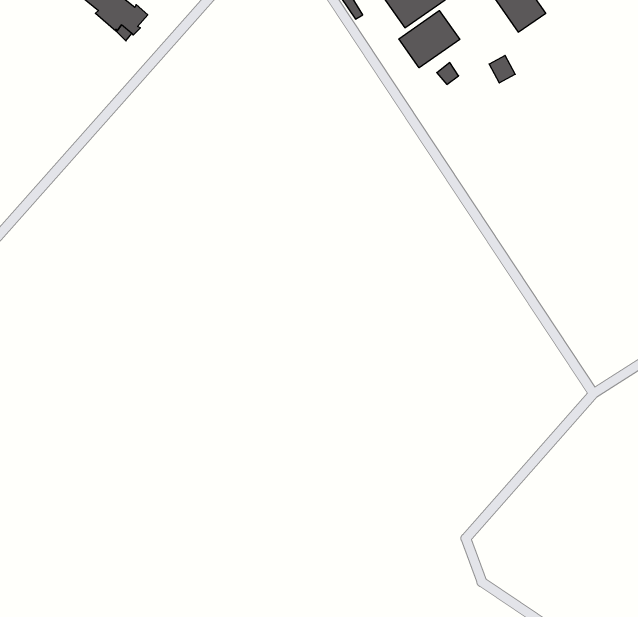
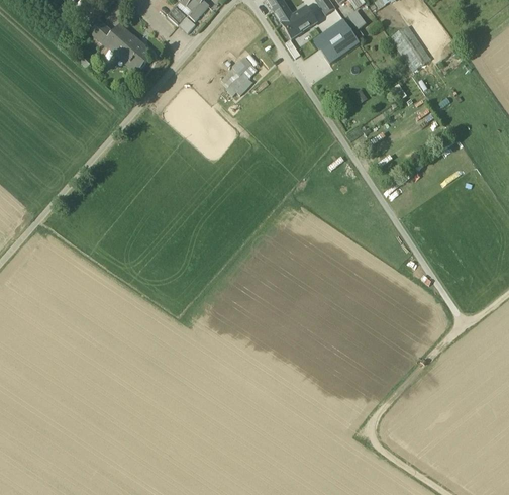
building: [399,11,460,68] -> none
building: none -> [220,55,256,94]

